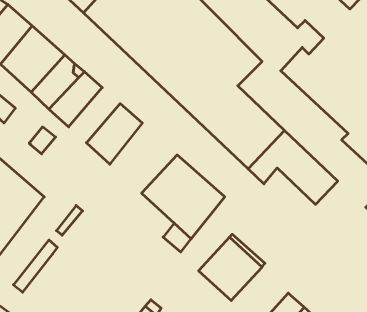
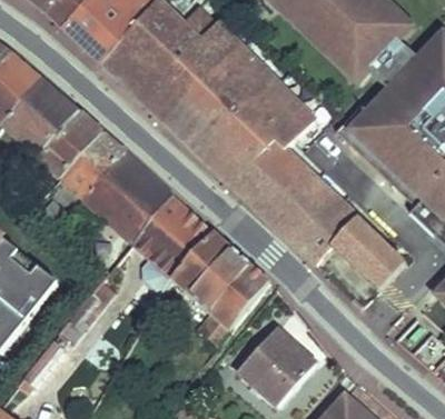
building: none -> [82,149,144,215]
building: none -> [132,191,211,295]

